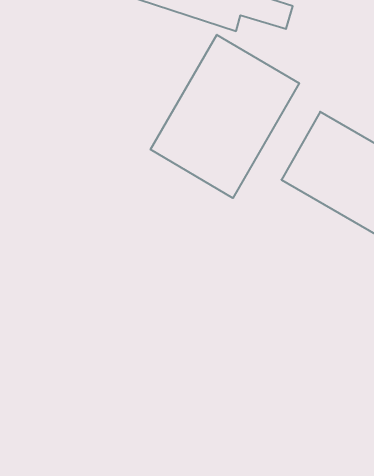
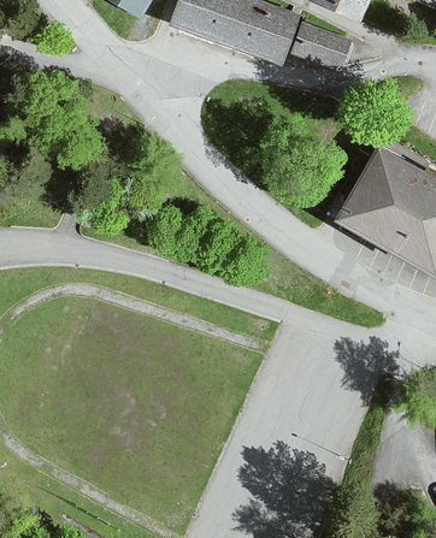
building: [151,35,299,198] -> none

